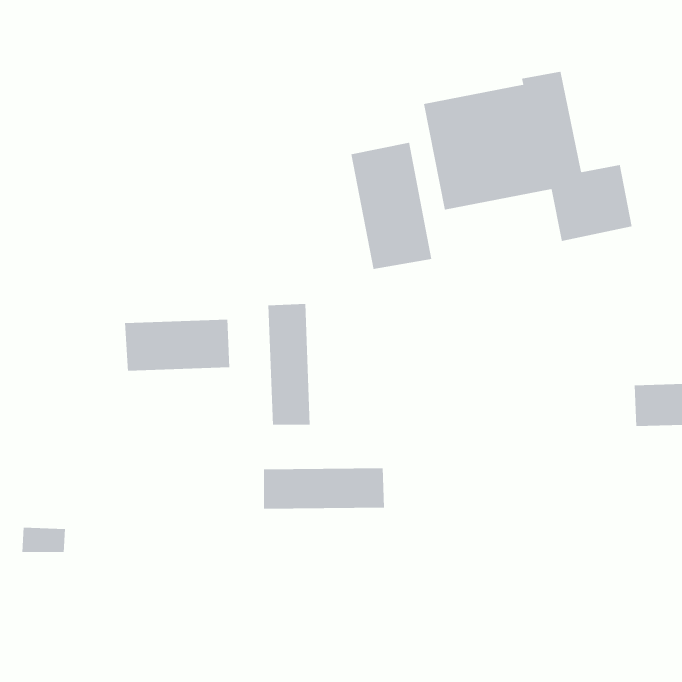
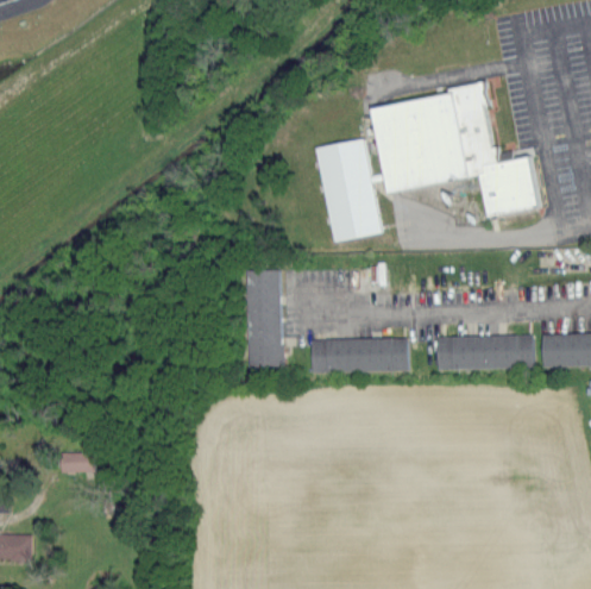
building: [124,319,230,372] -> none
building: none -> [436,337,533,368]
building: [263,468,385,509] -> [310,339,408,372]

